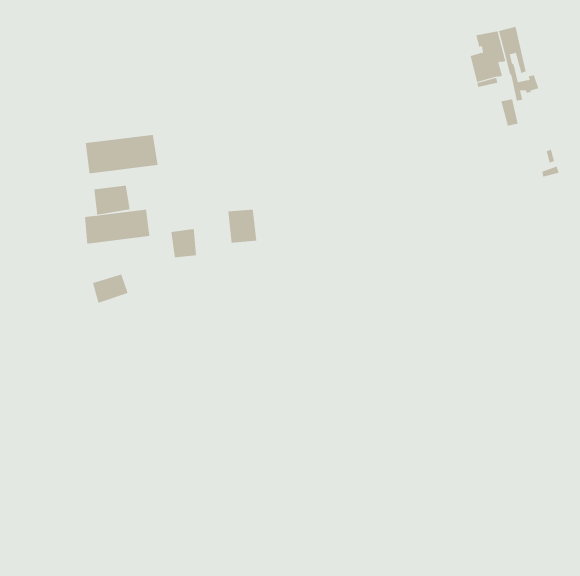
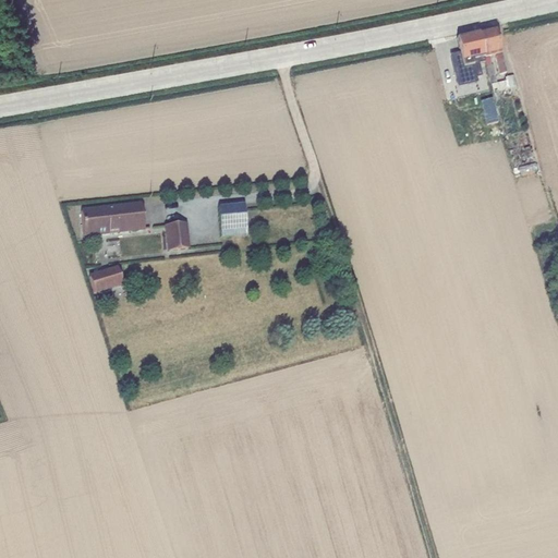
building: [85,134,158,174] -> none
building: [94,185,130,215] -> none

